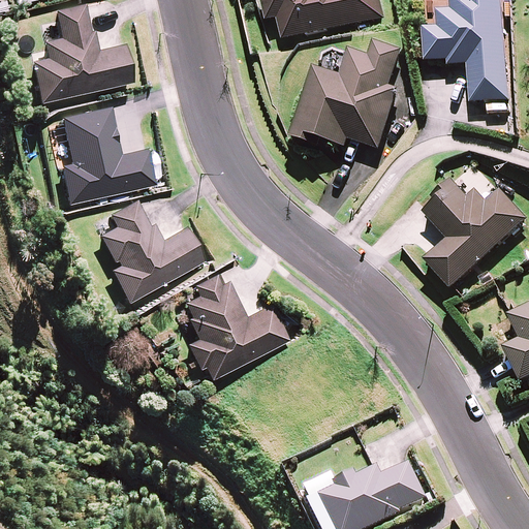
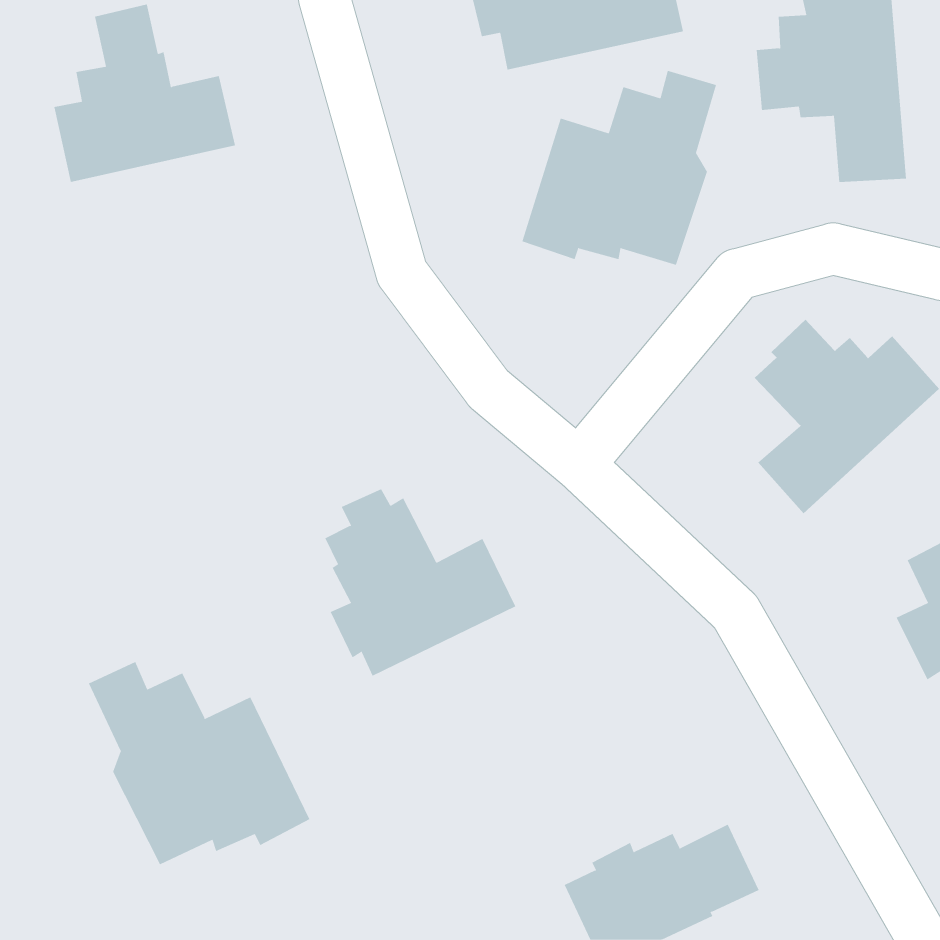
building: [60,105,156,204] -> none
building: [98,198,206,302] -> none
building: none -> [88,661,310,865]

